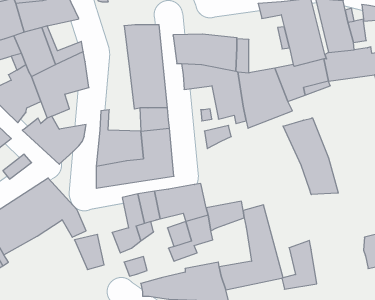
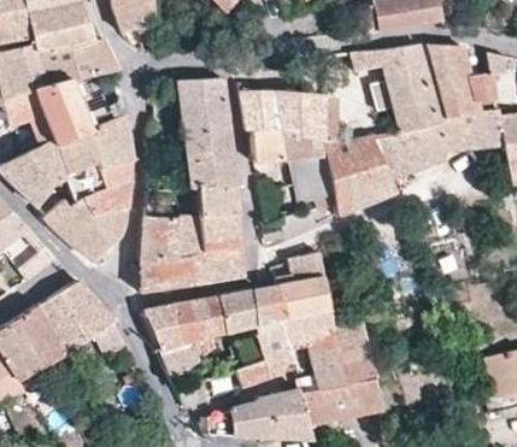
building: none -> [83,160,131,214]
building: [283,118,338,195] -> none
building: none -> [268,252,330,317]
building: [74,234,104,270] -> [145,304,183,349]
building: [282,240,317,289] -> [298,330,343,394]

